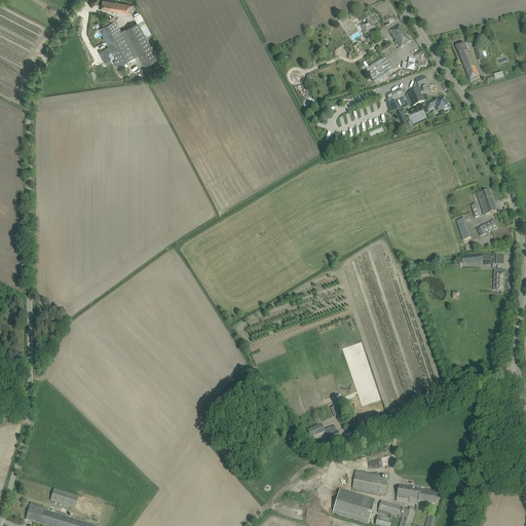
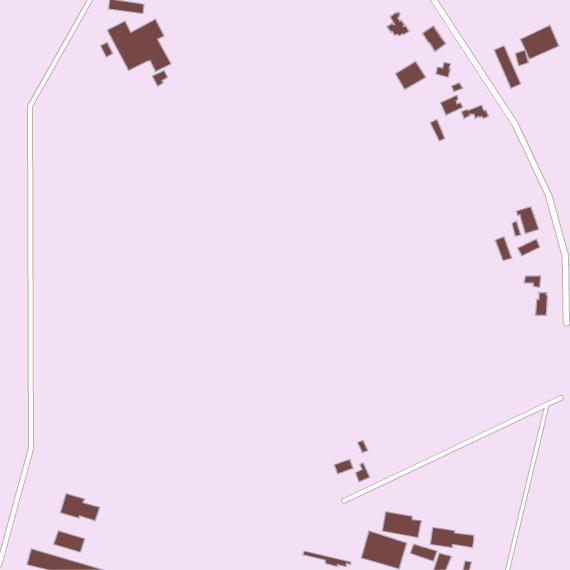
building: none -> [520,25,559,59]
building: none -> [60,494,99,521]

